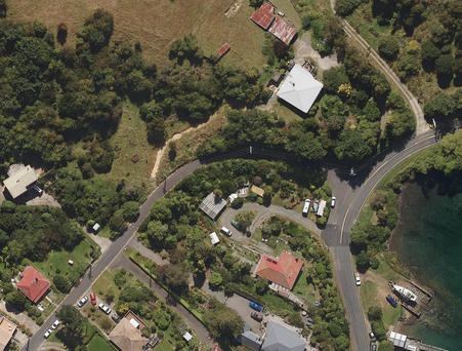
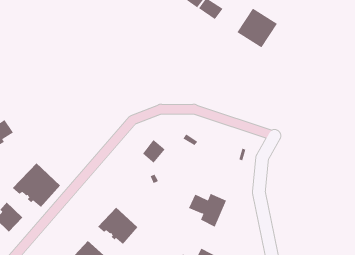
building: [275,65,325,114] -> [237,8,278,48]
building: none -> [12,163,61,208]
building: none -> [97,207,138,245]

